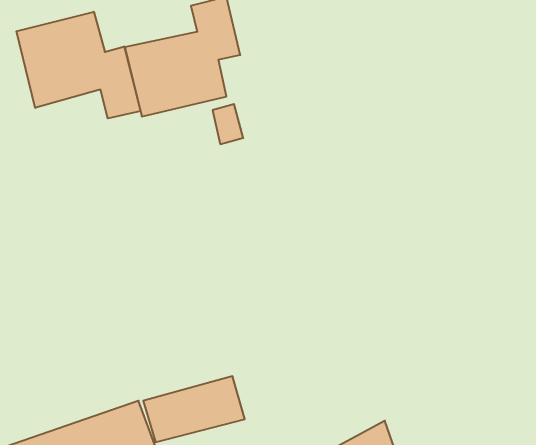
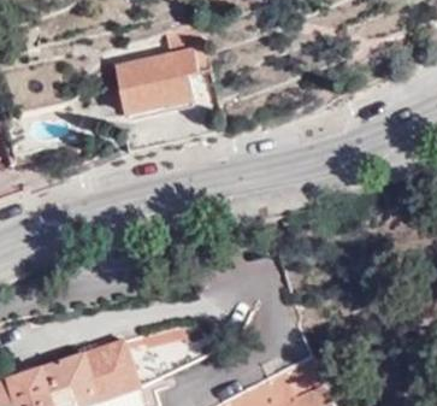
building: [16,12,140,118] -> none

